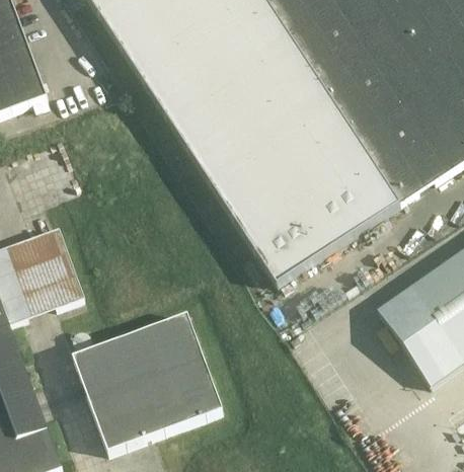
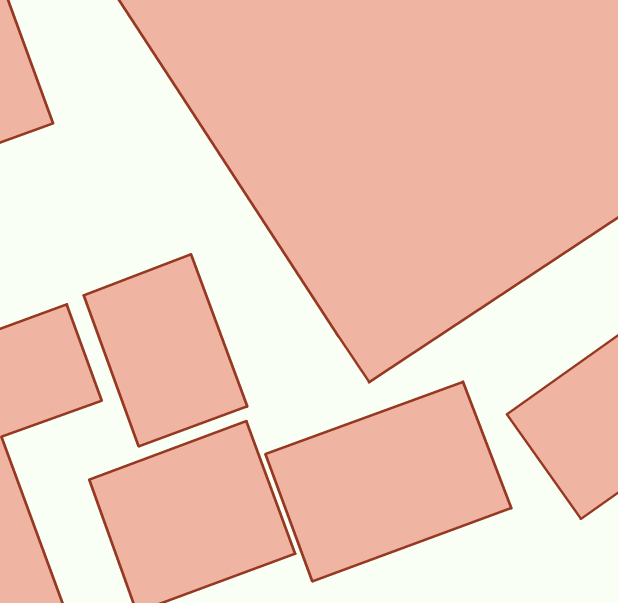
building: none -> [84,254,247,446]
building: none -> [266,382,511,581]

